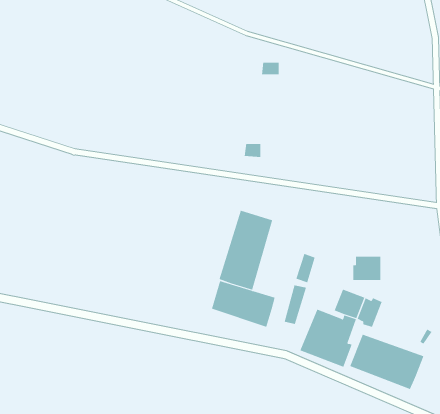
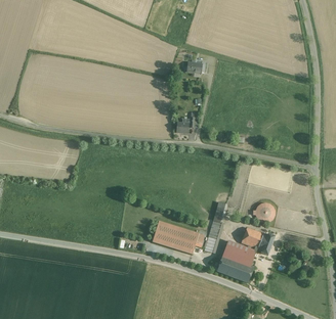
building: [219,210,273,291] -> none
building: [350,334,424,390] -> none

